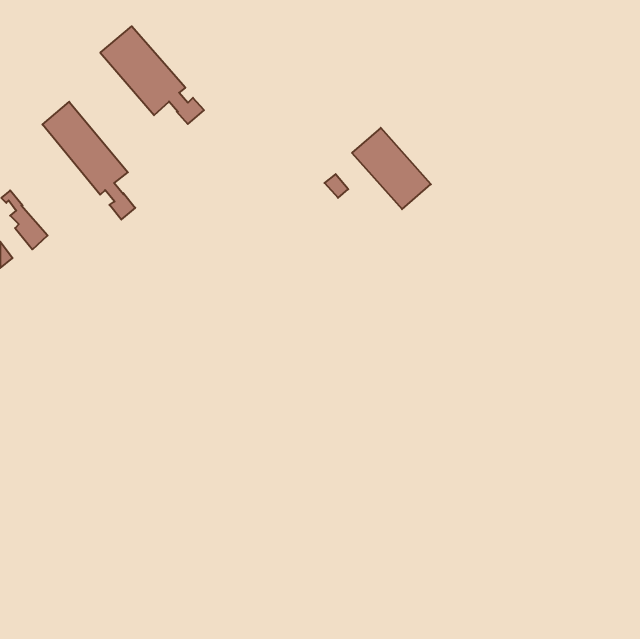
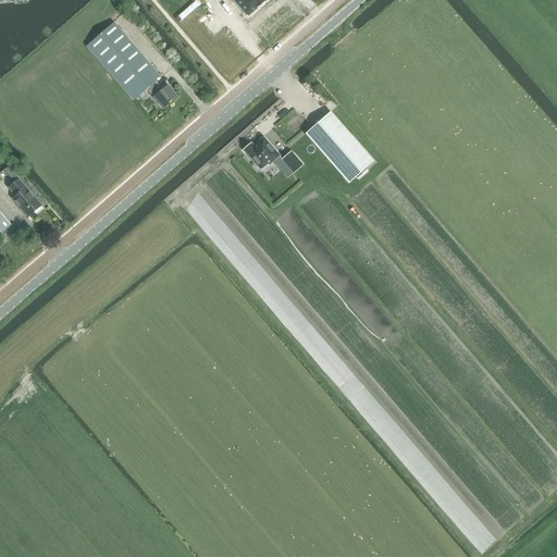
building: [42,102,135,220] -> none
building: none -> [244,136,281,169]

